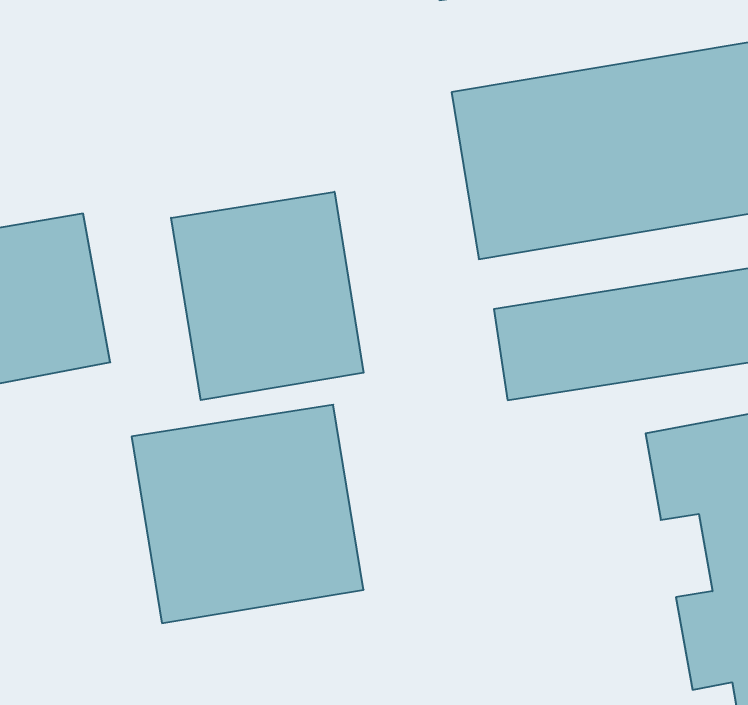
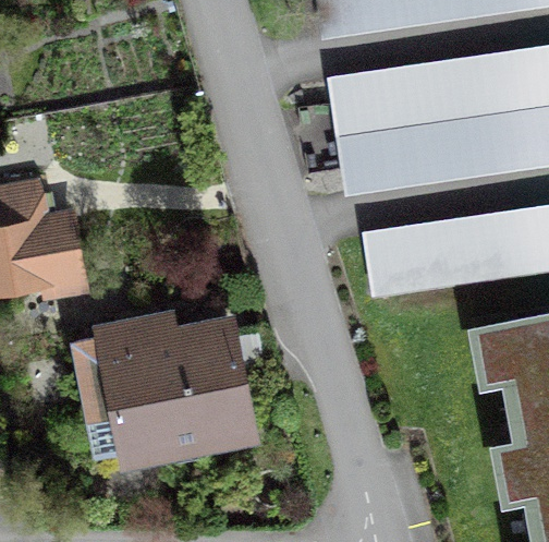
building: [171,192,364,400] -> none

